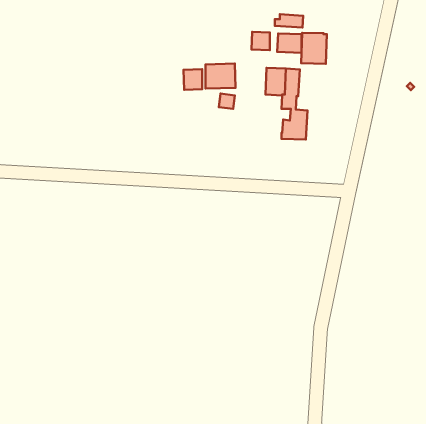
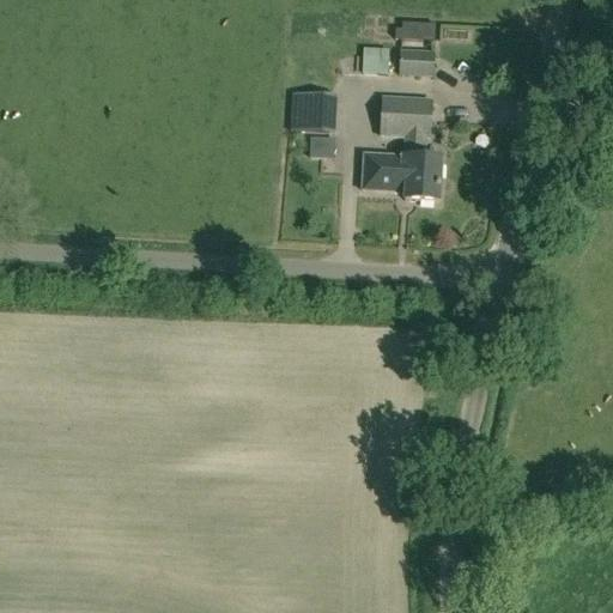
building: [301,33,327,64] -> none
building: [183,69,202,90] -> none
building: none -> [362,153,417,192]

